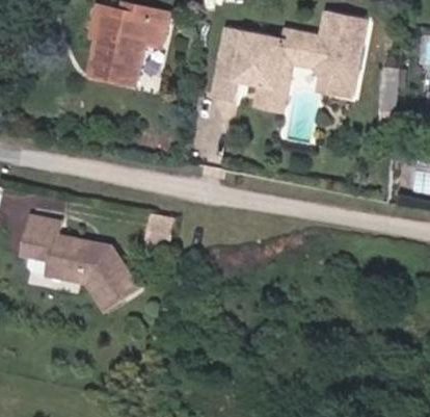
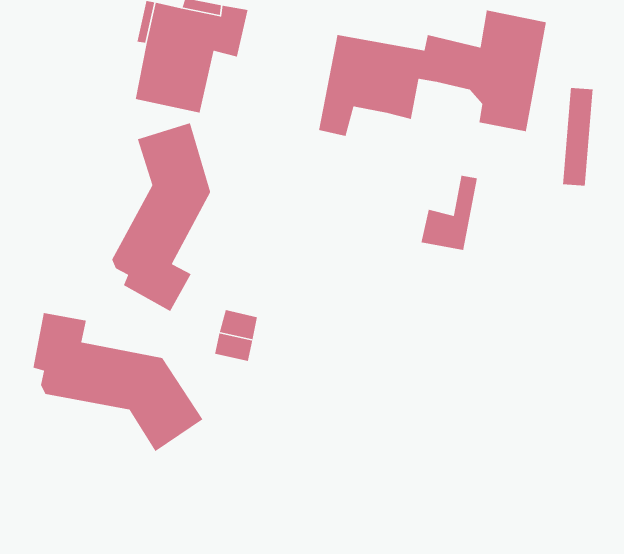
building: [254,59,293,110] -> [420,175,478,251]
building: none -> [111,122,211,312]

